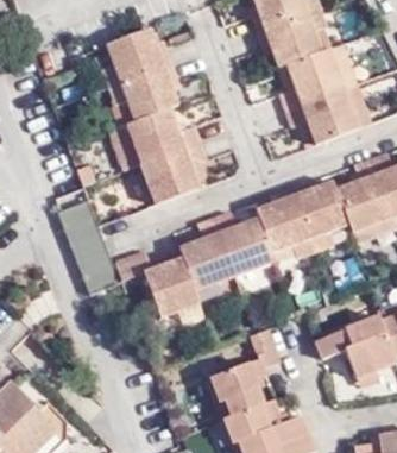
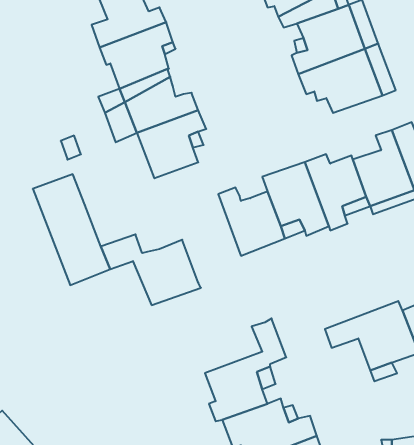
building: [182,216,238,295] -> none

